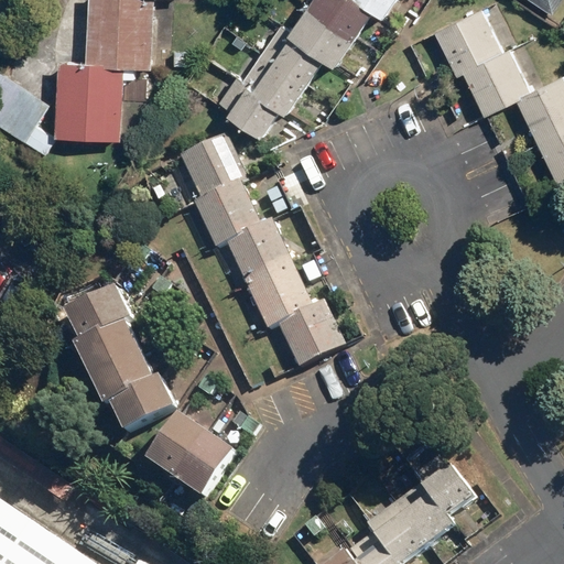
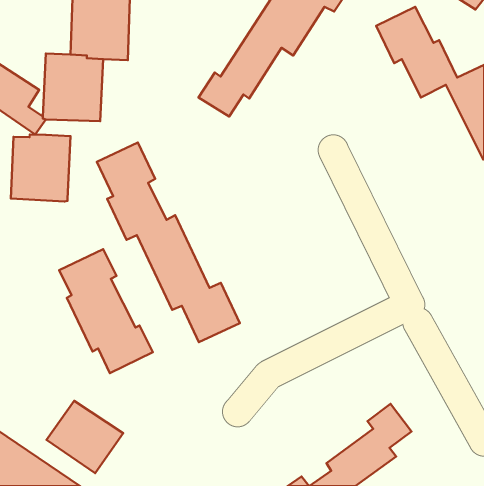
building: [180,135,345,366] -> [97,143,240,342]
building: none -> [11,134,70,201]
building: [148,412,236,496] -> [47,401,123,473]

